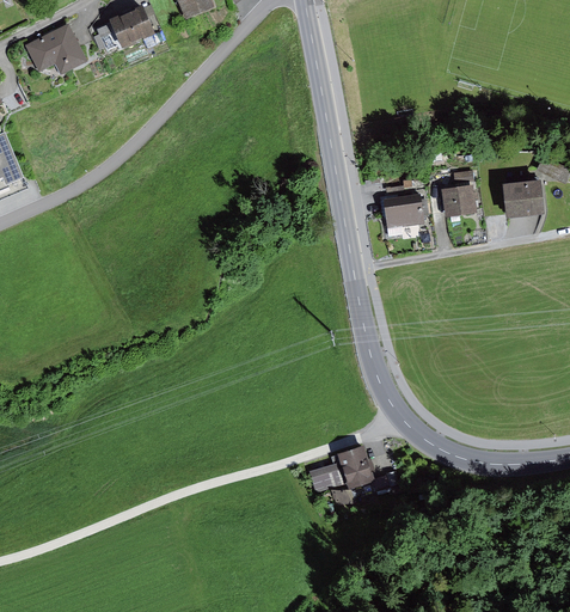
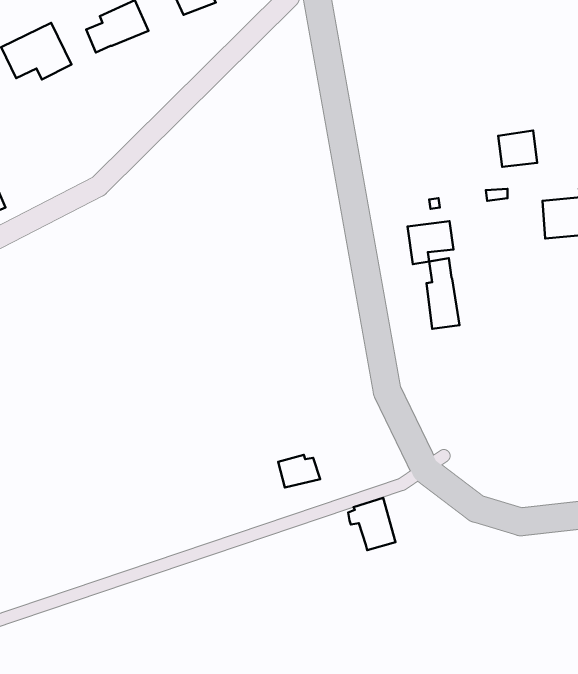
building: [442,183,477,215] -> [498,130,537,167]
building: none -> [427,258,459,329]
building: [309,465,347,494] -> [278,455,320,487]

